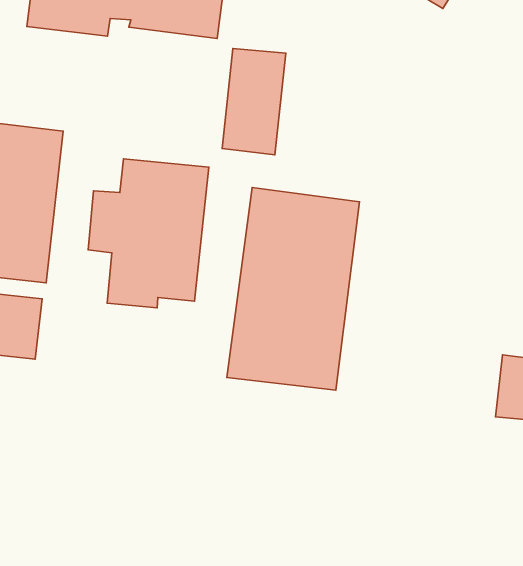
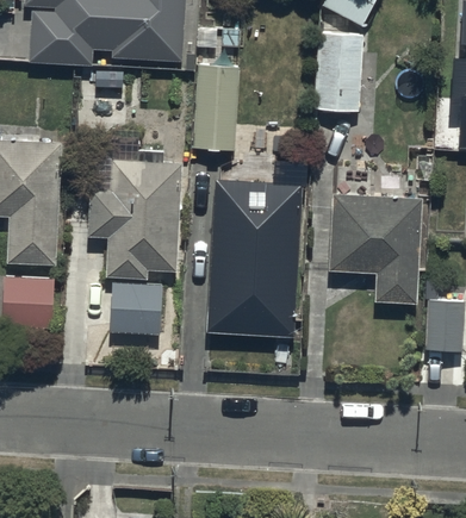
building: none -> [312,32,361,111]
building: none -> [328,194,422,304]
building: none -> [107,283,162,333]

